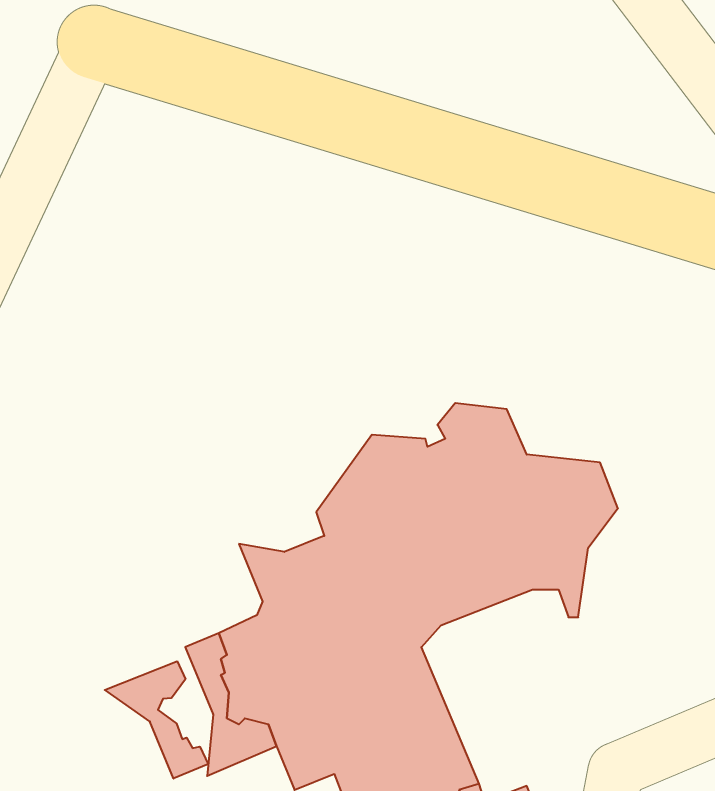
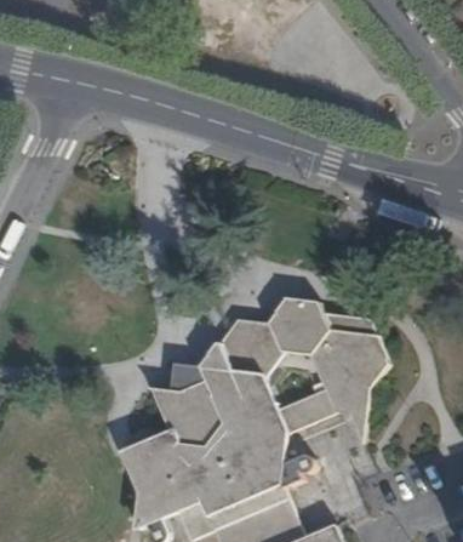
building: [105,661,208,779] -> none

